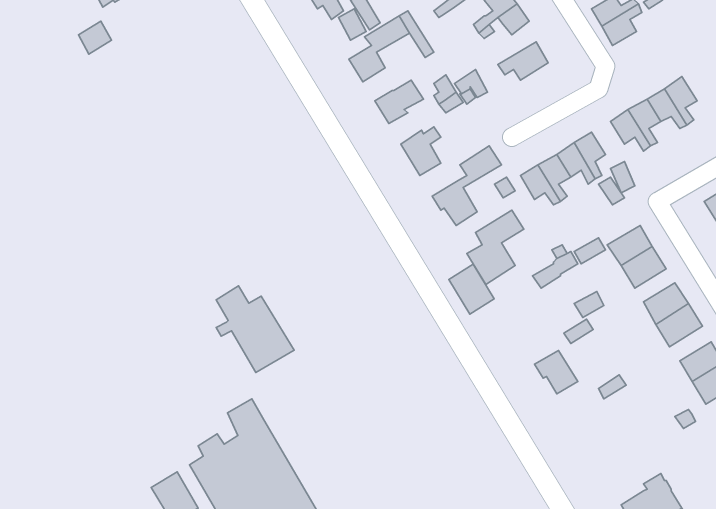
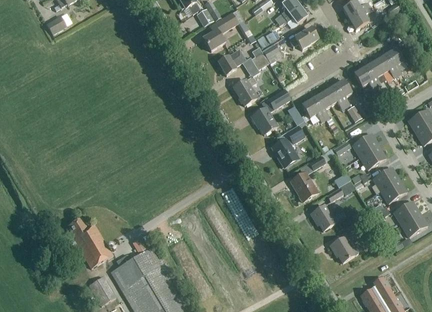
building: [449,264,494,314] -> [291,172,317,201]
building: [216,286,294,373] -> [68,217,113,267]
building: none -> [329,236,358,262]

